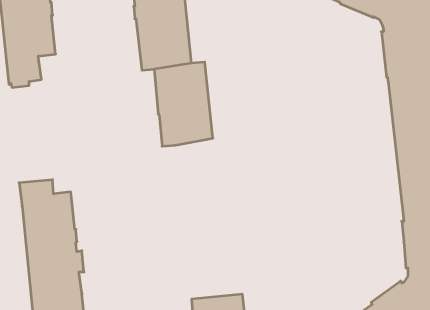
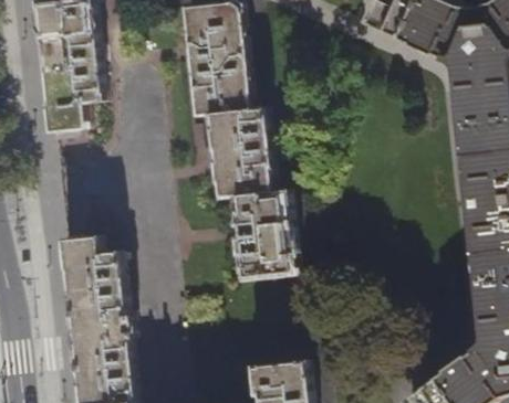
building: none -> [229,188,293,279]

